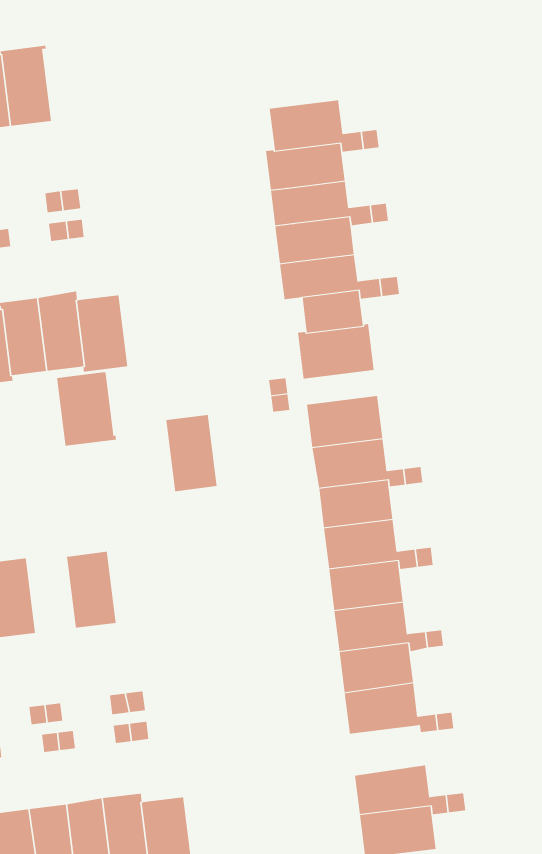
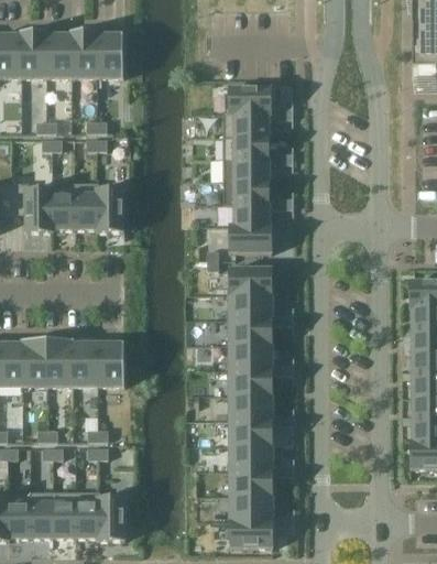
building: none -> [96,33,122,77]
building: [57,371,116,446] -> none
building: [166,415,218,492] -> [97,341,123,386]
building: none -> [47,339,74,386]
building: none -> [229,470,273,496]

